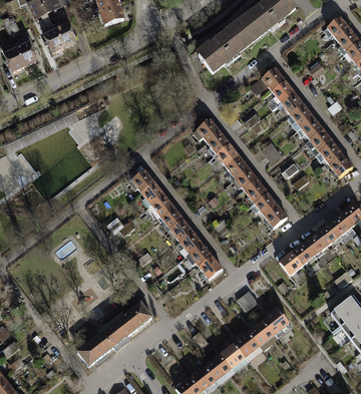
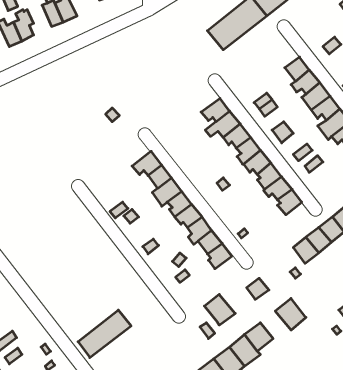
building: [251,66,286,95] -> none
building: [114,300,150,334] -> none
building: [249,320,278,349] -> [204,294,235,325]

